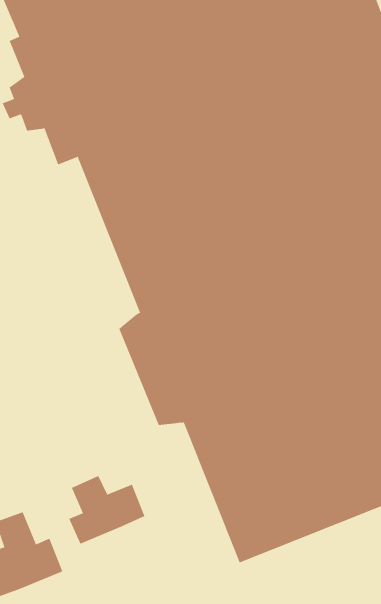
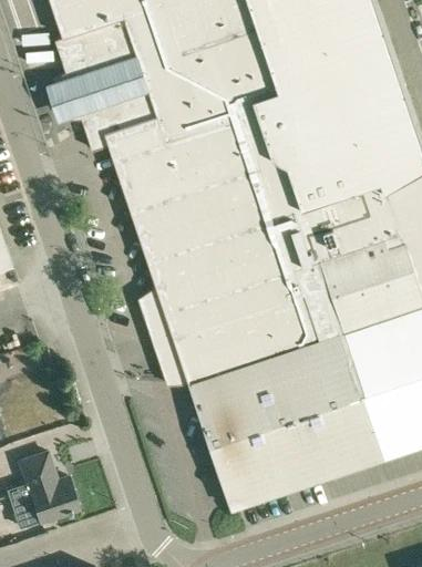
building: [69,475,145,544] -> none

